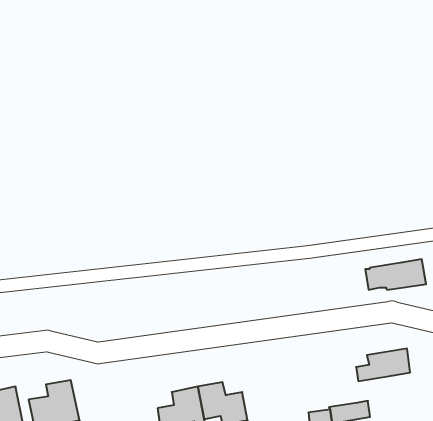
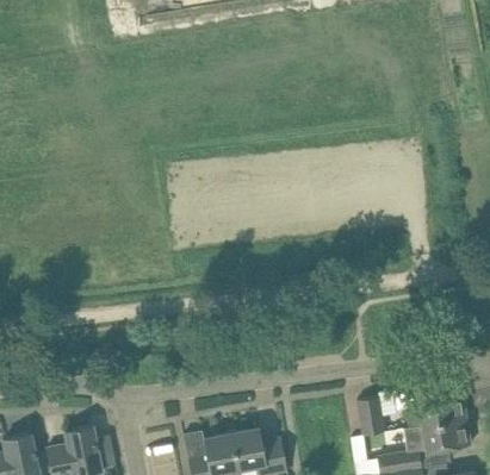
building: [365,259,426,290] -> [402,419,469,452]
building: none -> [355,398,383,437]

